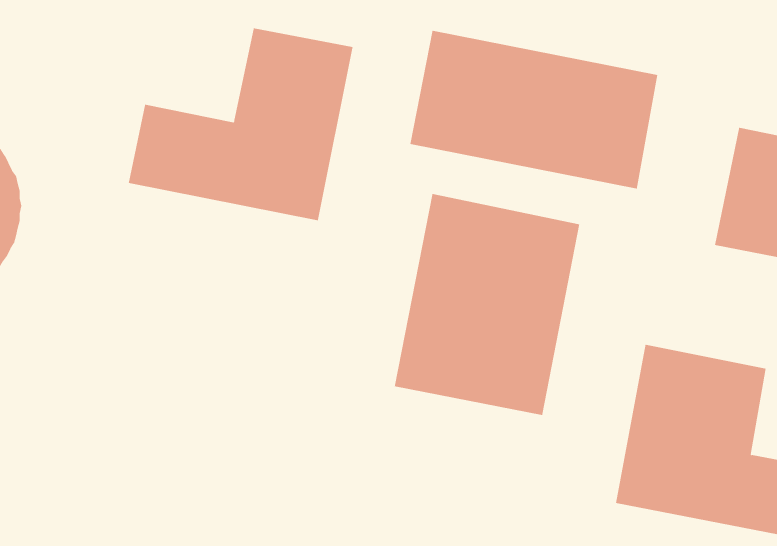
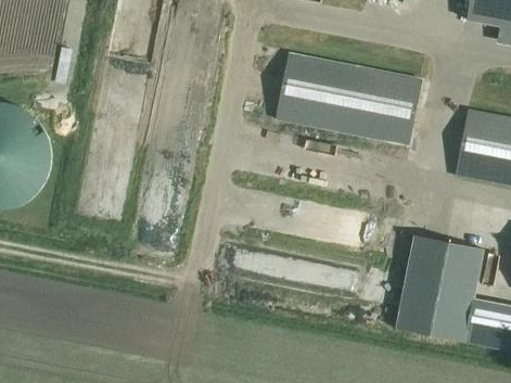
building: [128,28,353,221] -> none
building: [394,193,580,416] -> none

